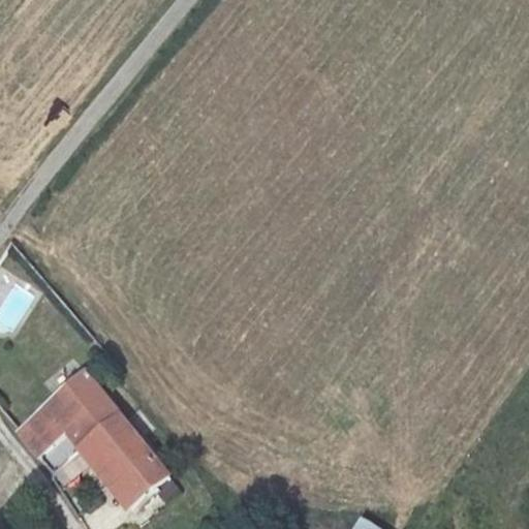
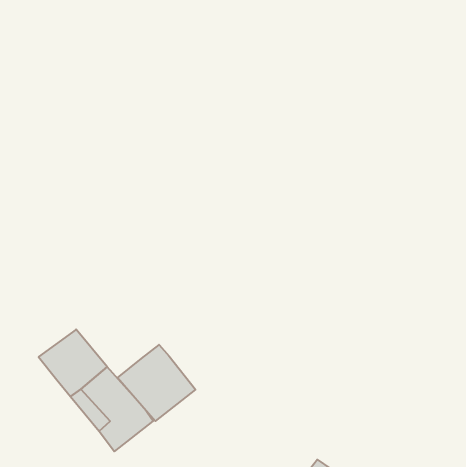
building: none -> [118,345,195,421]
building: [7,404,64,459] -> none

